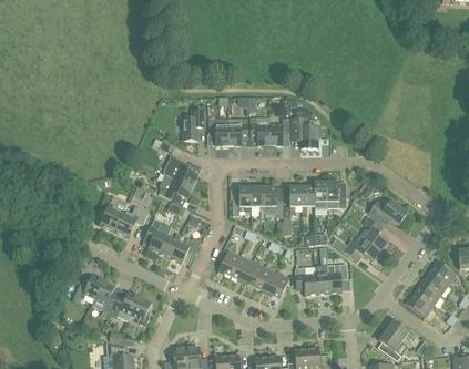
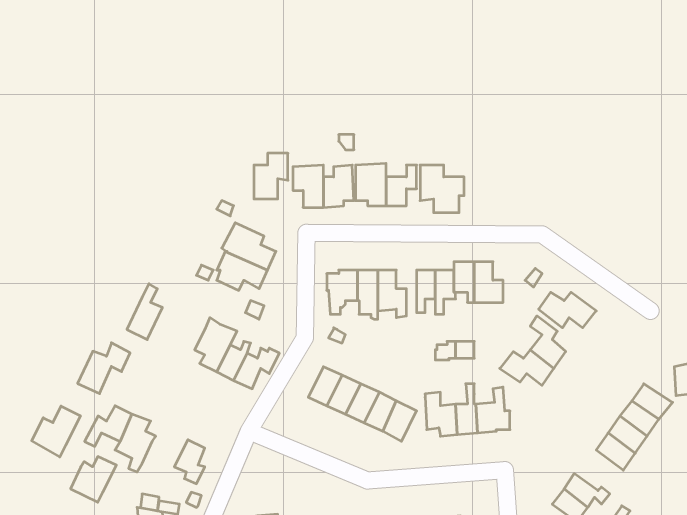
building: [113,205,147,238] -> [78,343,130,394]
building: none -> [32,406,80,457]
building: [110,291,140,321] -> [71,457,116,502]

